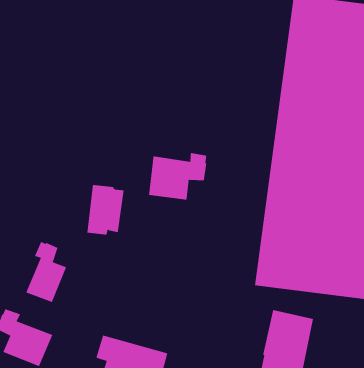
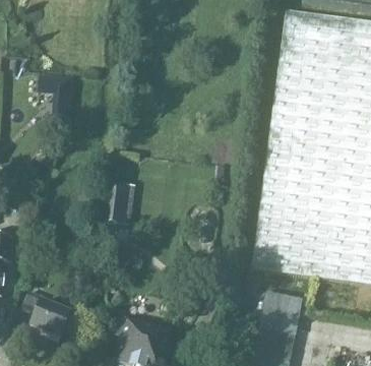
building: [148,152,207,201] -> none
building: [25,241,67,303] -> none

